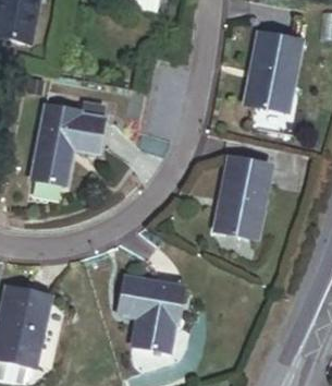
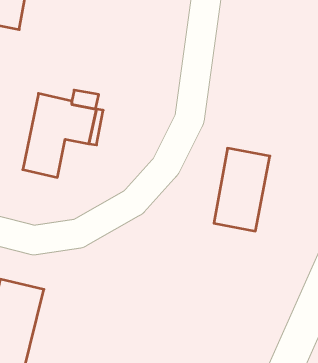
building: [246,34,302,111] -> none
building: [120,280,182,354] -> none

